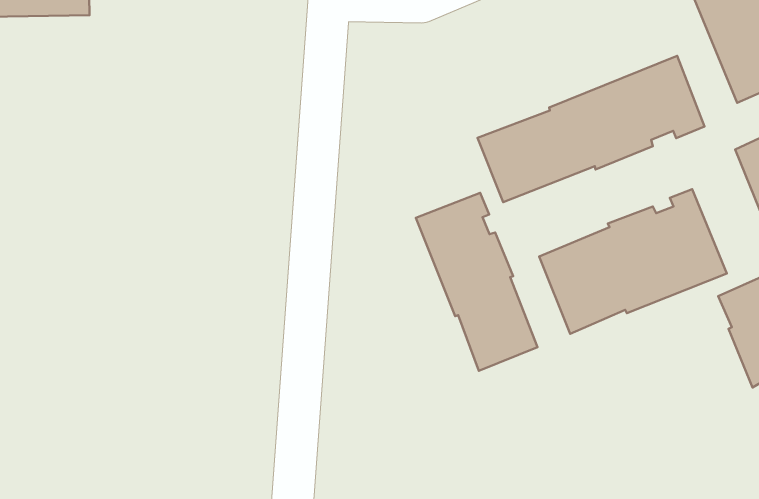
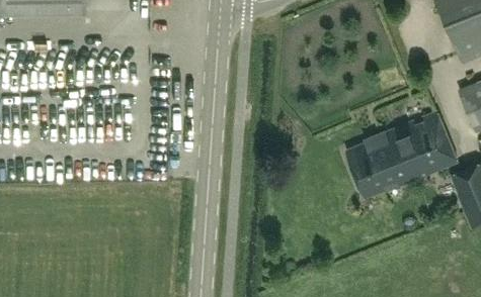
building: [478,56,705,202] -> none
building: [416,193,537,371] -> none

